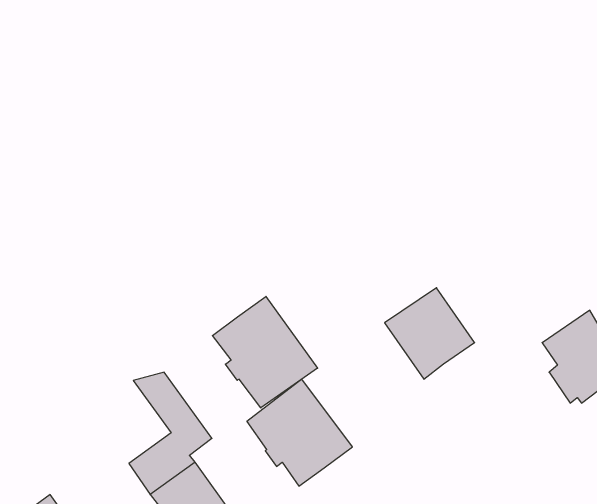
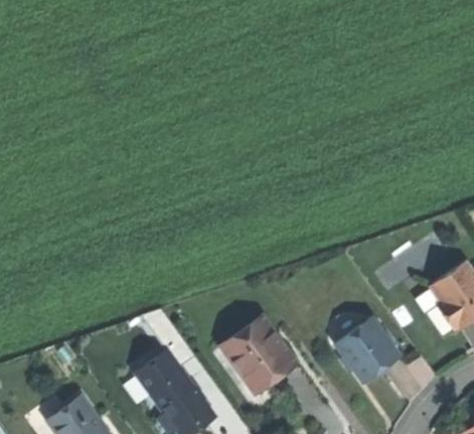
building: [385,288,475,379] -> [336,318,401,384]
building: [212,296,318,408] -> none

